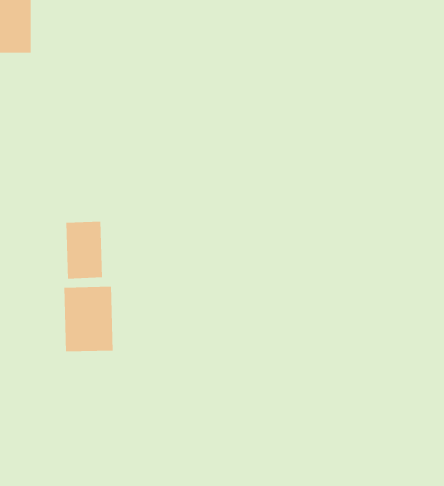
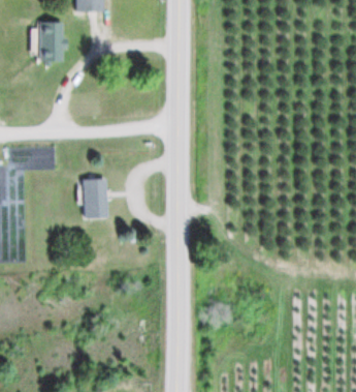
building: [64,286,113,352] -> none

